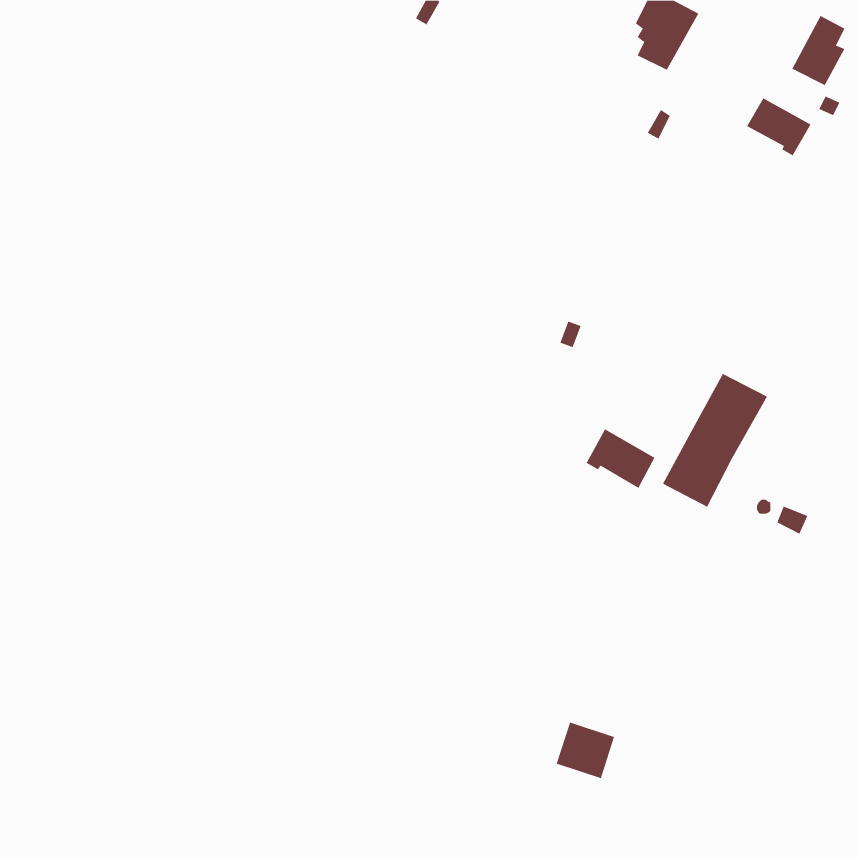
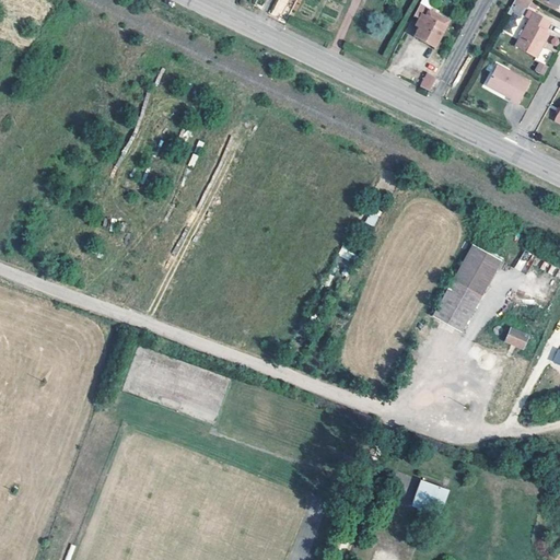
building: [586,429,655,489] -> none
building: [556,722,615,779] -> [410,480,448,517]

